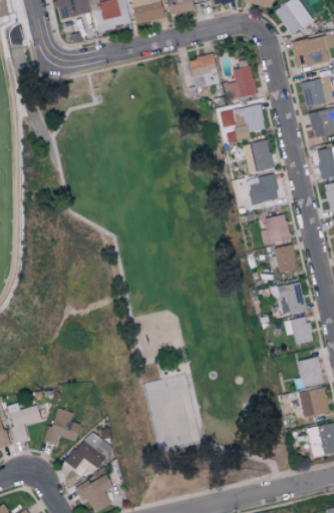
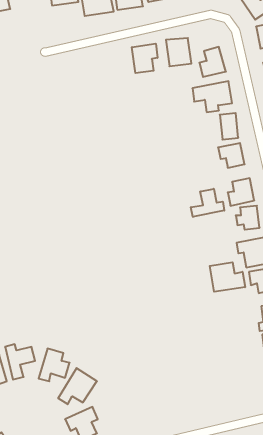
building: none -> [132,44,157,73]
building: none -> [191,189,224,217]
building: none -> [210,262,245,292]

